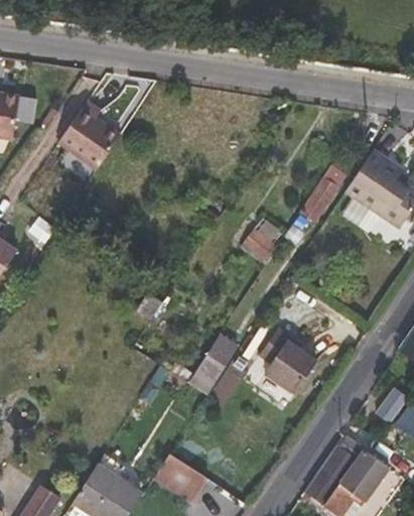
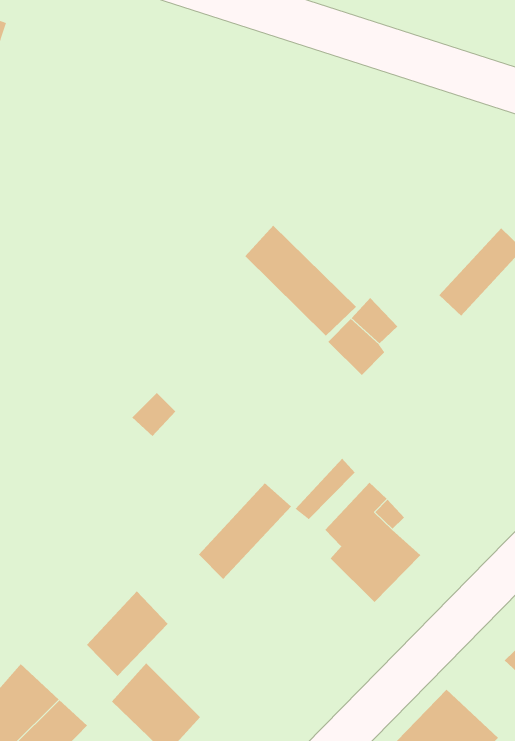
building: [56,101,119,169] -> none
building: none -> [245,225,357,336]
building: none -> [86,590,168,677]

